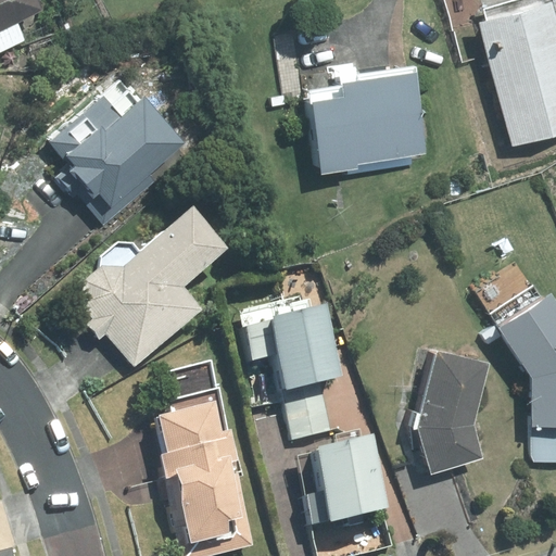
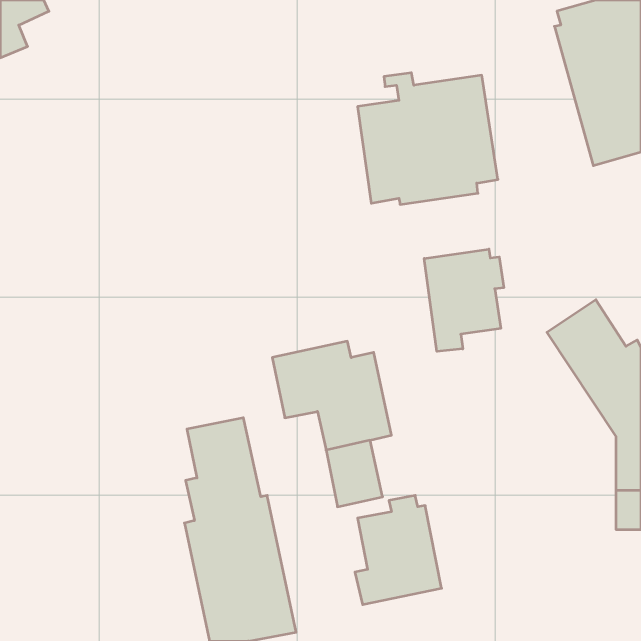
building: [50,80,184,224] -> none
building: [81,206,229,367] -> none
building: none -> [424,249,504,351]
building: [418,351,489,473] -> none

